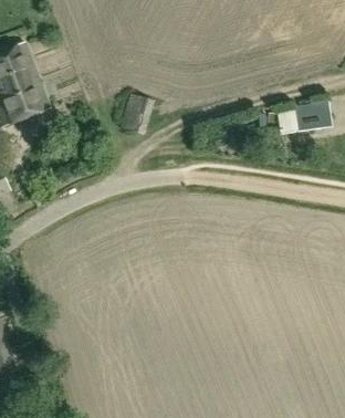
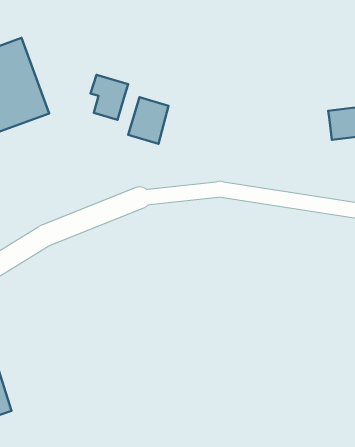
building: none -> [90,75,128,120]

